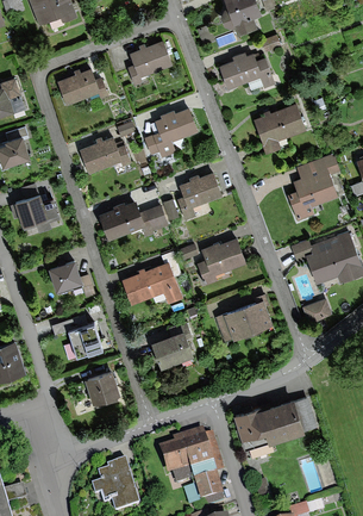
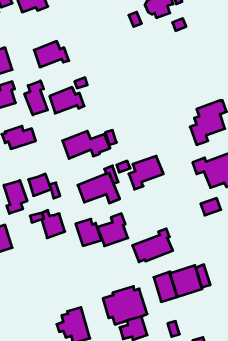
building: [127,39,173,86] -> none
building: [218,51,275,89] -> none
building: [252,104,306,155] -> none
building: [144,107,198,157] -> none
building: none -> [25,81,48,115]
building: [176,172,223,220] -> none
building: none -> [4,180,27,214]
building: [214,293,274,342] -> [132,229,173,262]
building: [82,365,120,404] -> [76,219,101,246]

